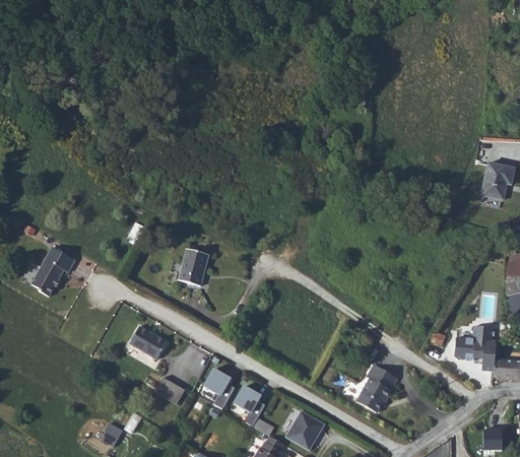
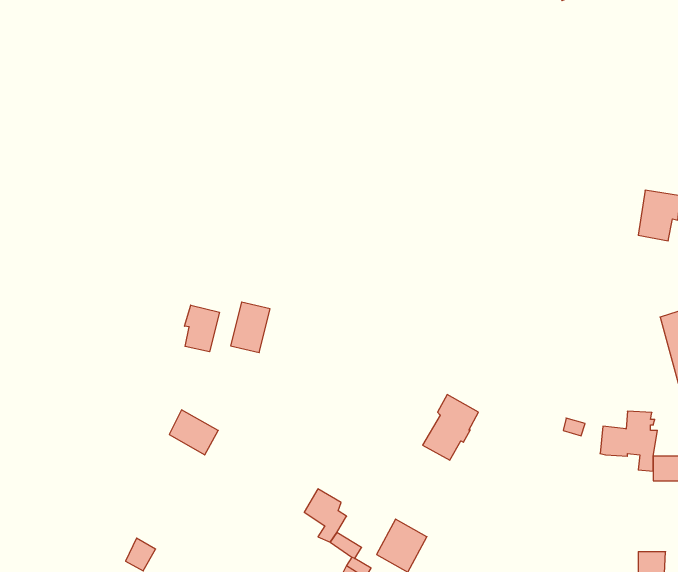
building: [32,245,75,292] -> none
building: none -> [185,305,219,352]
building: [356,362,398,410] -> [423,395,478,460]
building: [203,368,235,407] -> none
building: [158,379,188,405] -> none

